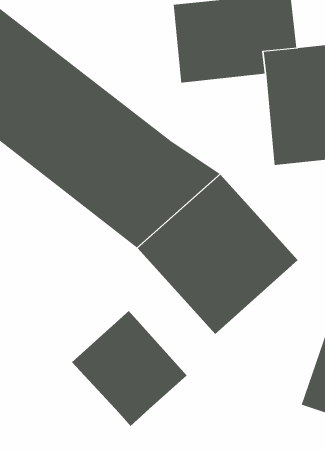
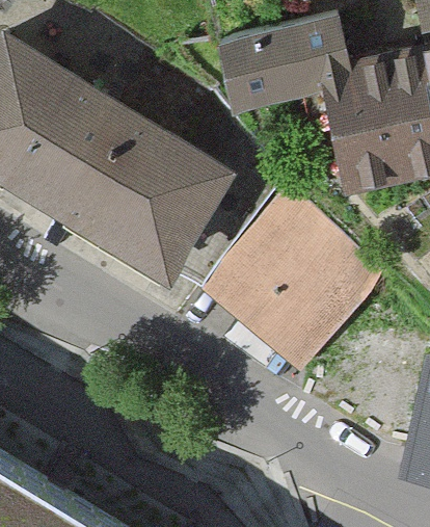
building: [71,310,188,427] -> none

